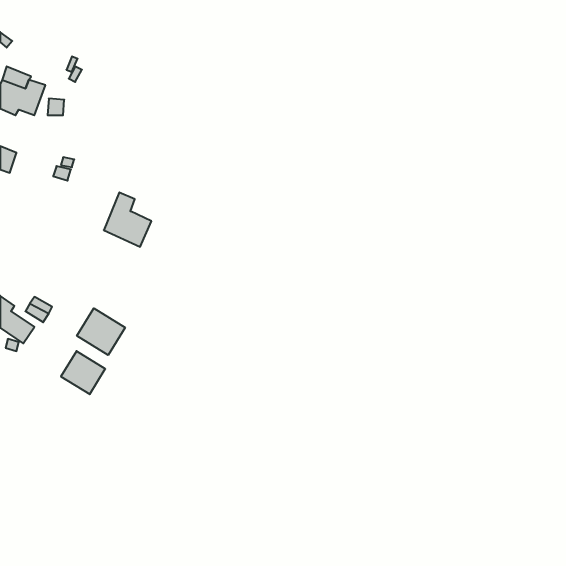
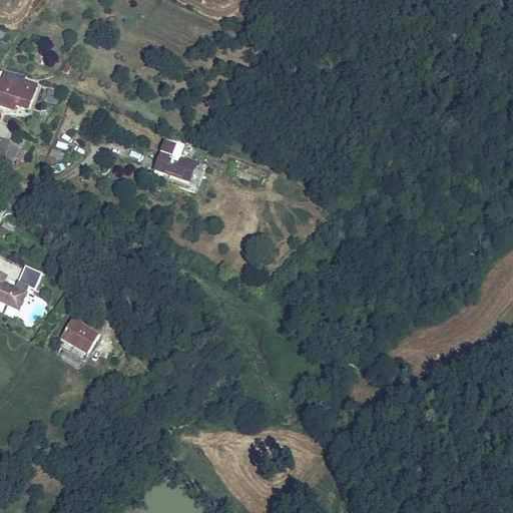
building: [104,192,151,247] -> [147,136,190,185]
building: [77,308,125,355] -> none

